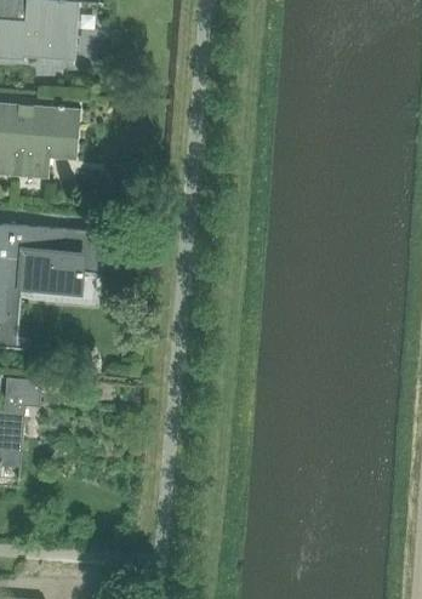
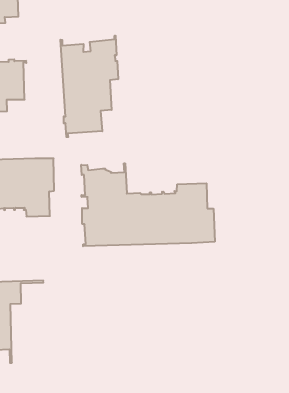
building: none -> [60,36,118,137]
building: none -> [81,163,215,246]

